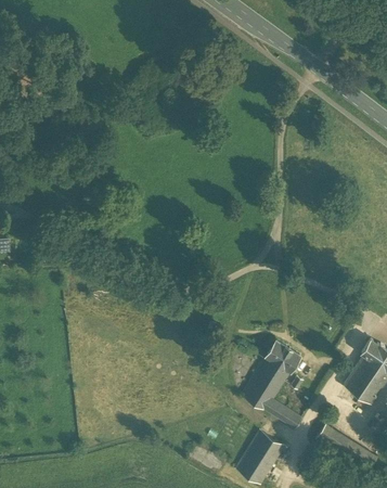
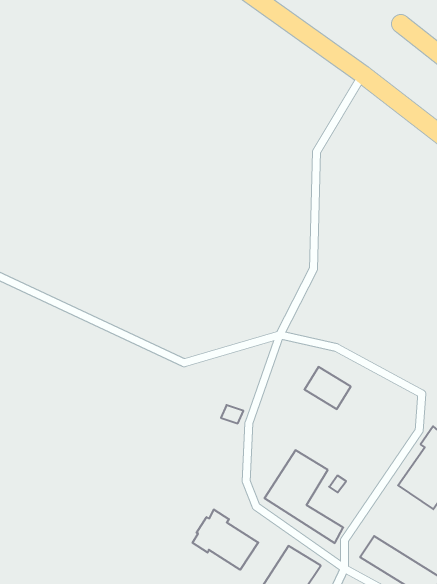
building: [266,342,301,374] -> [304,367,351,409]
building: none -> [193,509,258,570]

